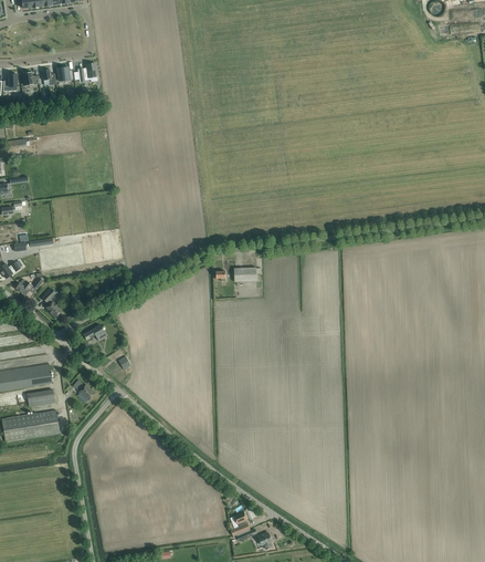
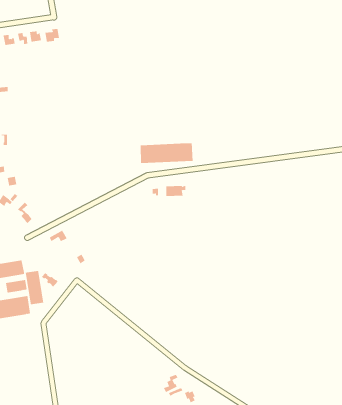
building: none -> [140,142,193,164]
building: none -> [25,270,44,305]

